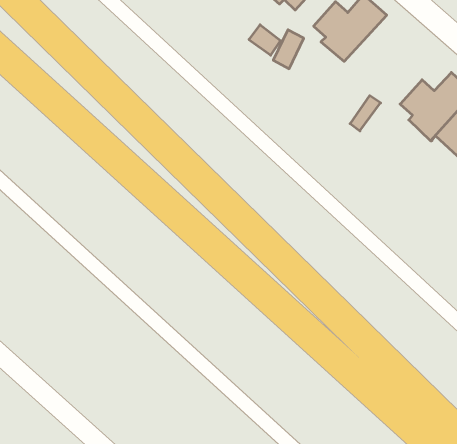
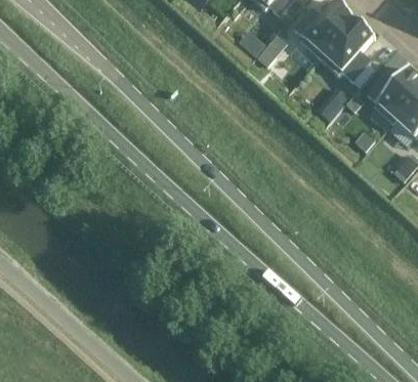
building: none -> [320,17,375,79]

